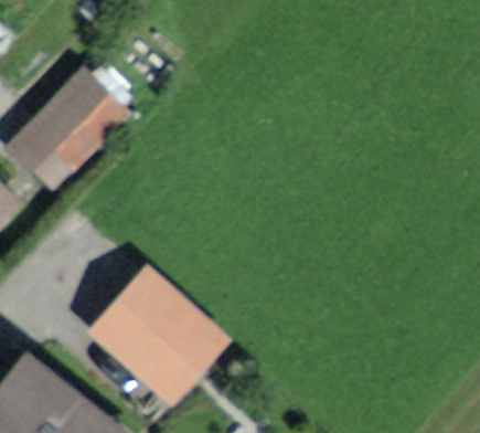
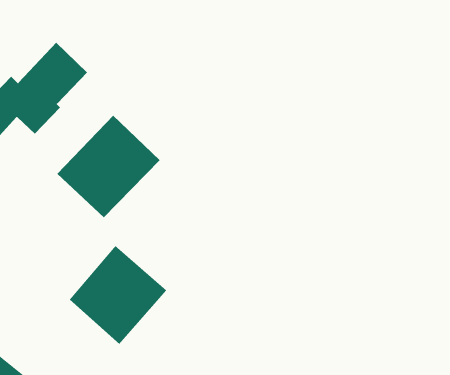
building: none -> [57,115,160,218]

